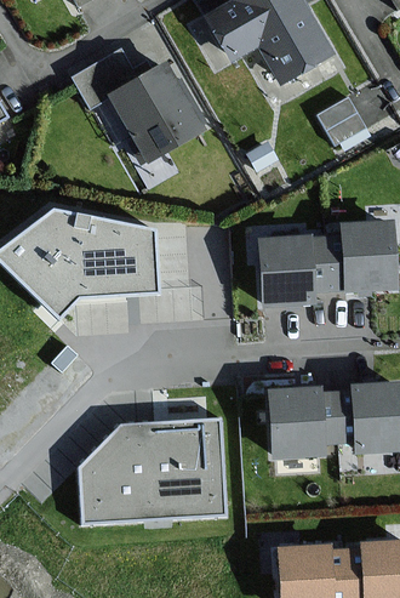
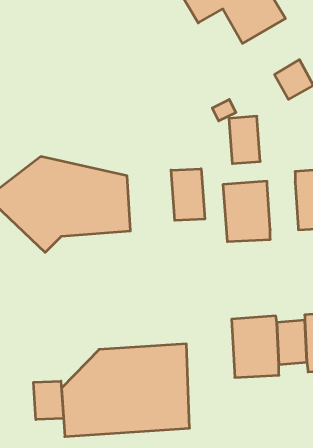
building: [74,50,201,159] -> none
building: none -> [171,169,205,220]
building: [310,238,345,291] -> [229,116,260,164]
building: none -> [34,381,63,420]

